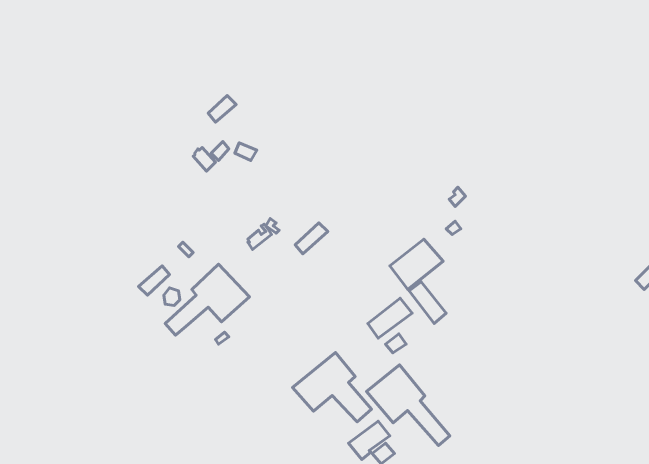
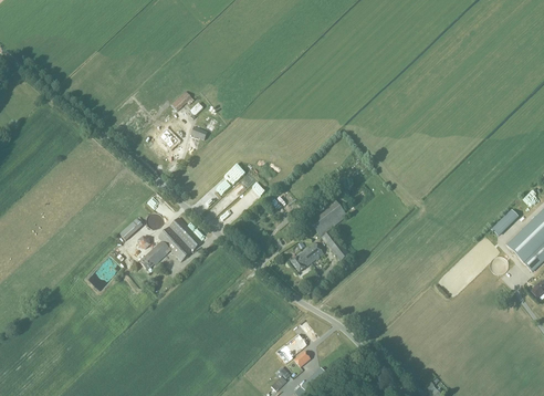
building: [293,353,372,422] -> none
building: [366,365,450,446] -> none

